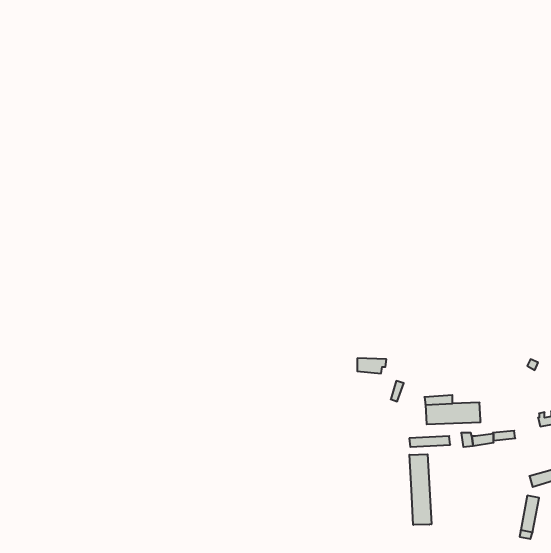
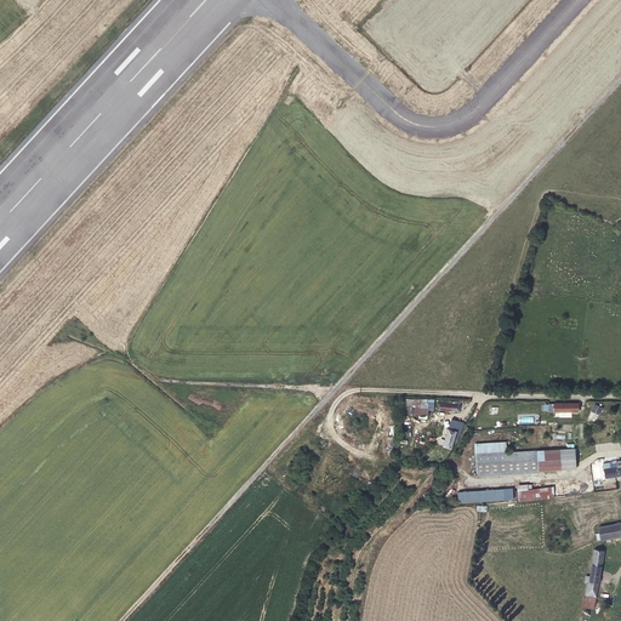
building: none -> [540,449,579,471]
building: [409,454,431,525] -> none

